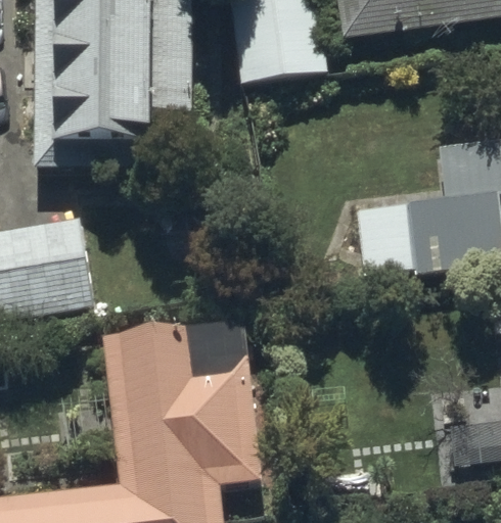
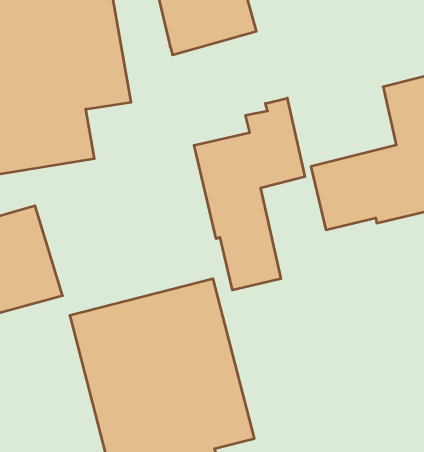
building: none -> [194,98,305,290]

